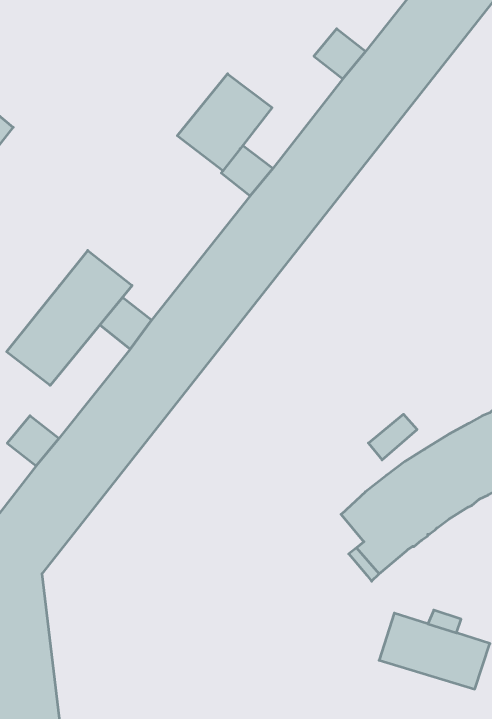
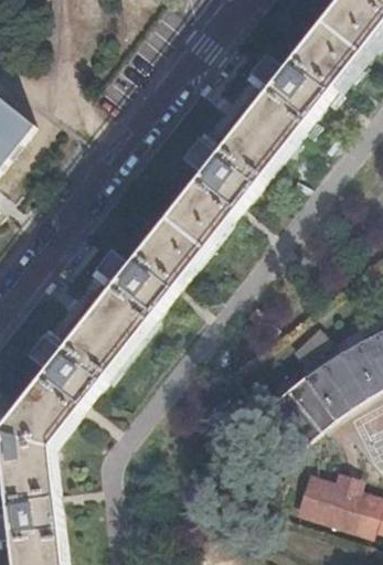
building: [177,74,272,171] -> none
building: [7,250,132,385] -> none

